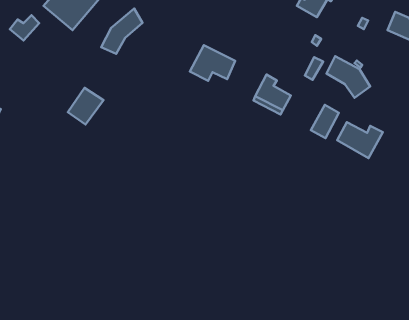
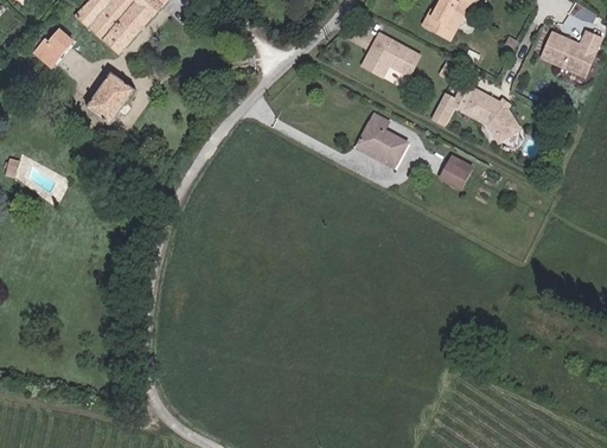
building: [101,9,143,54] -> none
building: [190,45,235,81] -> [359,33,421,82]
building: [68,88,104,124] -> [83,75,132,124]
building: [337,122,383,158] -> none

